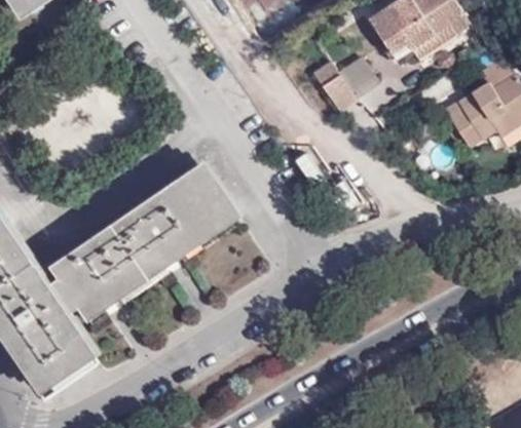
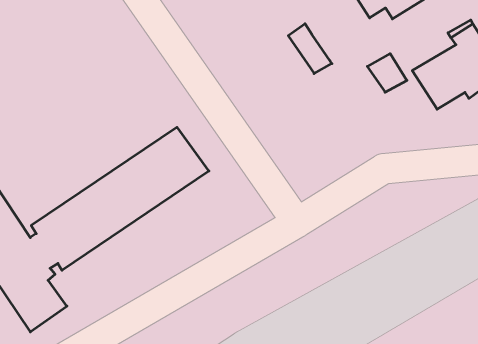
building: [338,62,379,102] -> [367,54,407,92]

